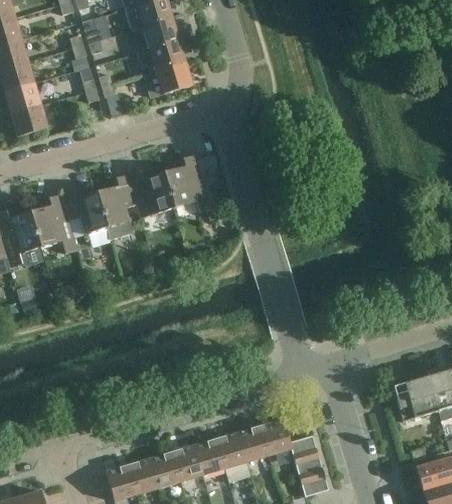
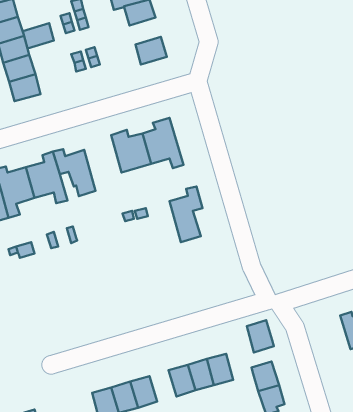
building: [137,40,185,73] -> none
building: none -> [23,23,54,48]
building: [97,175,135,239] -> [169,186,203,242]
building: [260,419,291,456] -> [247,320,274,352]
building: [172,445,203,481] -> none

